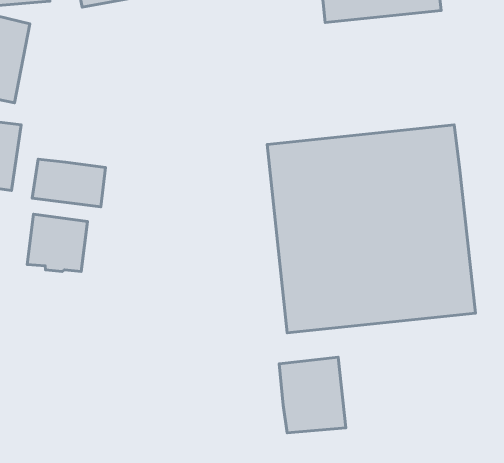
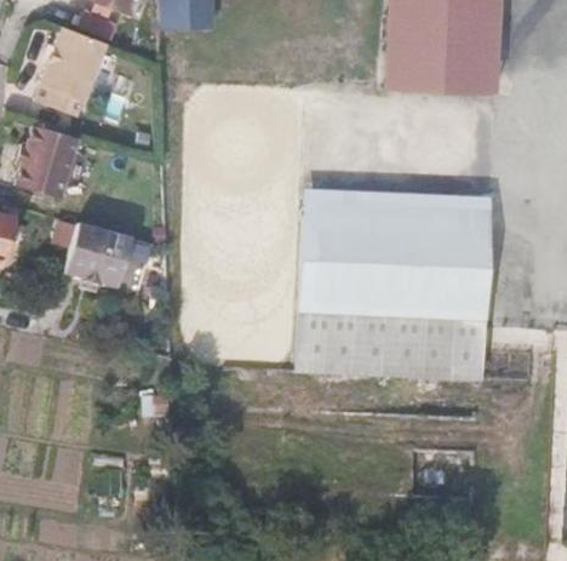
building: [32,159,106,207] -> none
building: [279,357,346,433] -> none

